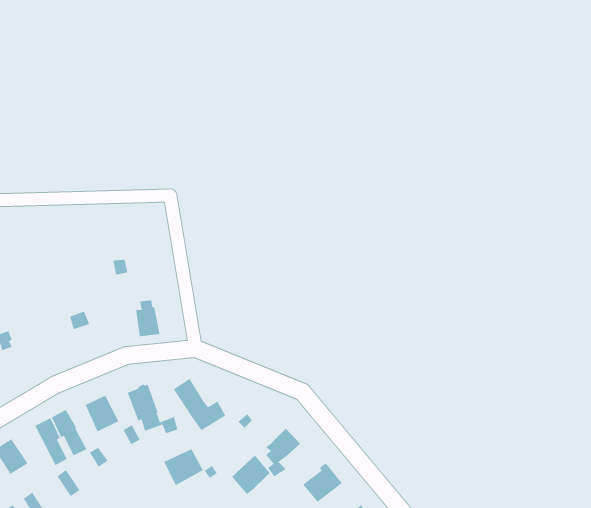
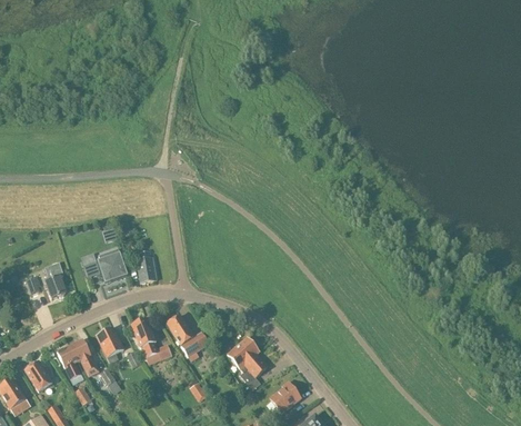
building: none -> [99,247,127,278]
building: none -> [44,261,66,298]
building: [163,448,204,486] -> none
building: [231,454,271,495] -> [228,336,259,368]

